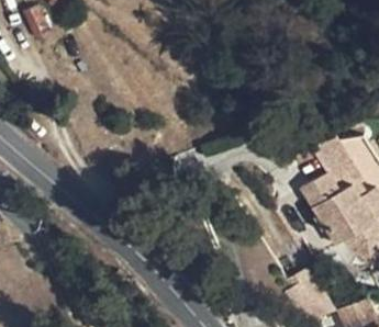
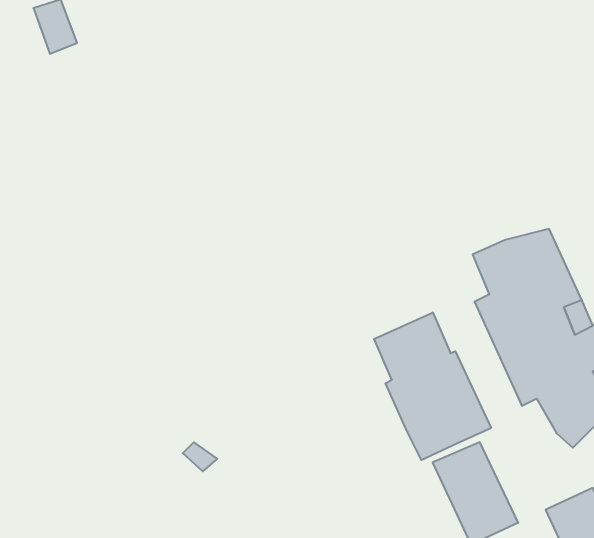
building: none -> [374,312,491,460]

